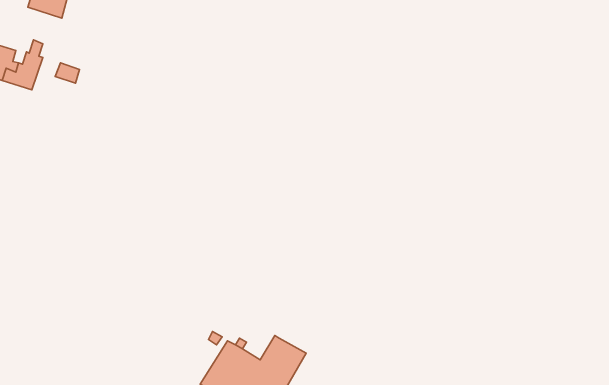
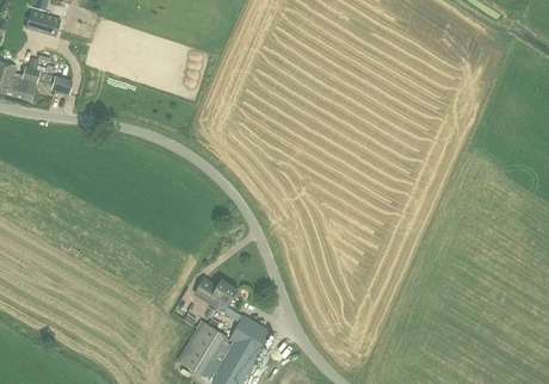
building: none -> [195,278,239,317]

